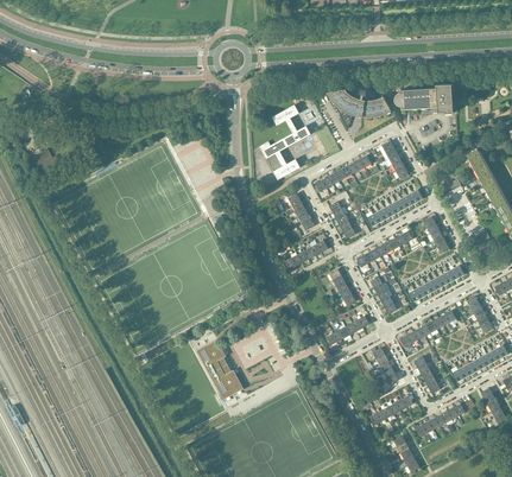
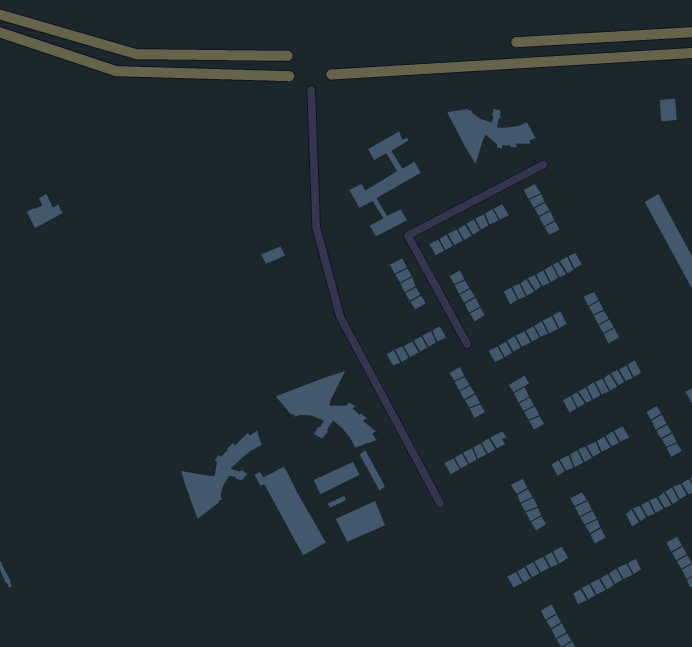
building: [394,83,453,110] -> none
building: none -> [275,370,378,449]
building: none -> [181,429,263,519]

